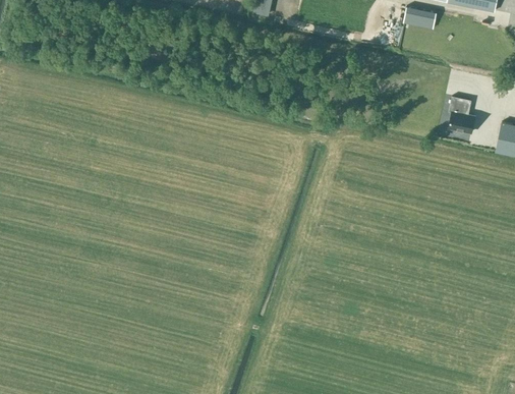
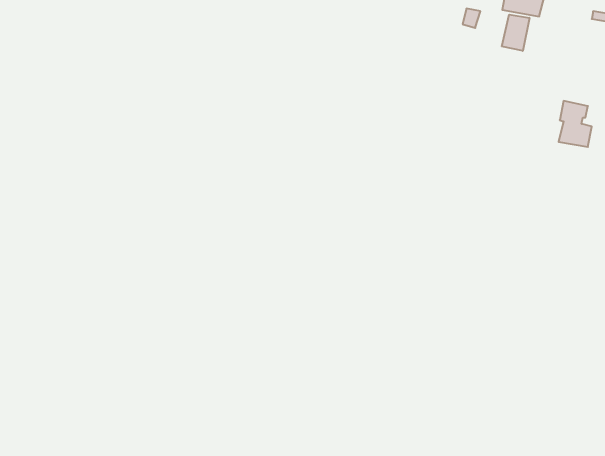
building: none -> [502,15,529,51]

